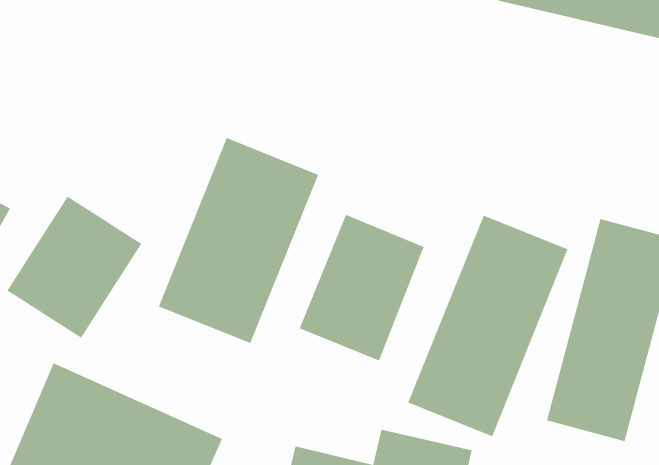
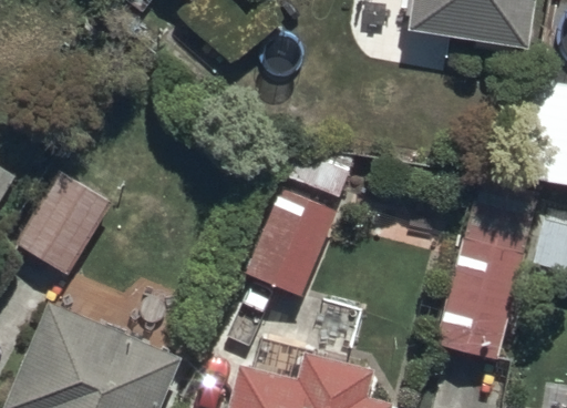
building: [158,137,319,344] -> none
building: [408,215,568,437] -> none

